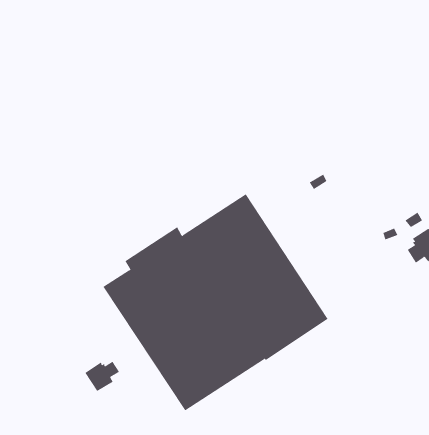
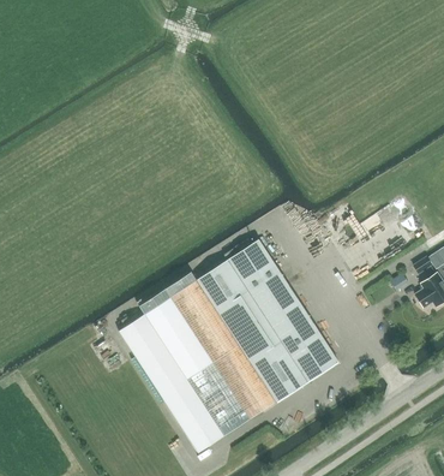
building: [84,361,120,392] -> none

